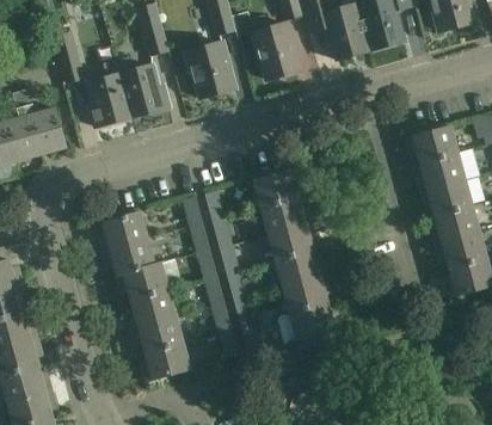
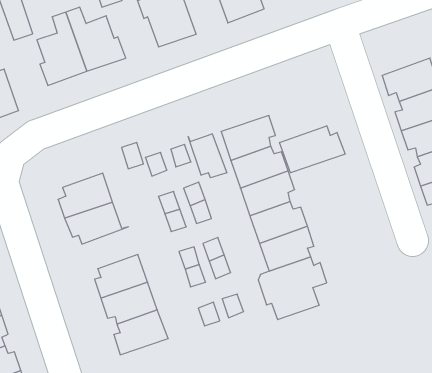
building: none -> [280,126,345,173]
building: none -> [188,134,227,178]
building: [117,263,168,300] -> none

